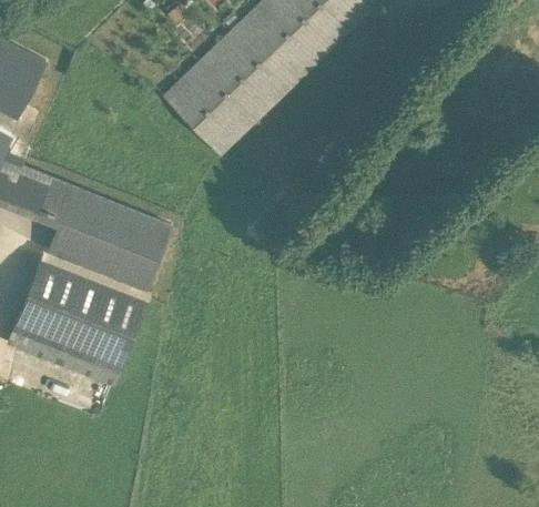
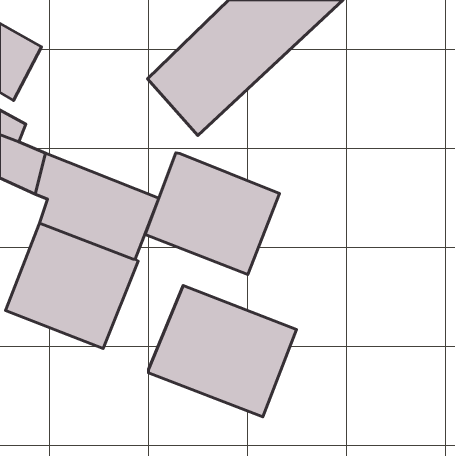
building: none -> [145,153,280,275]
building: none -> [148,285,297,417]

